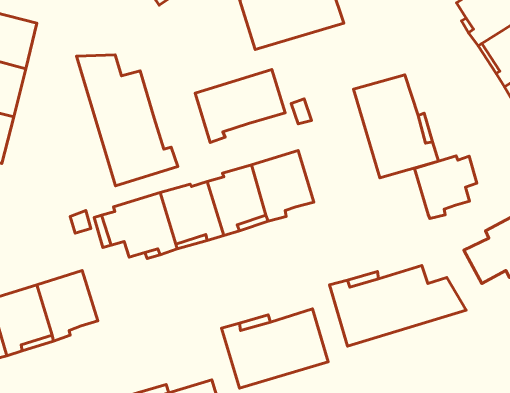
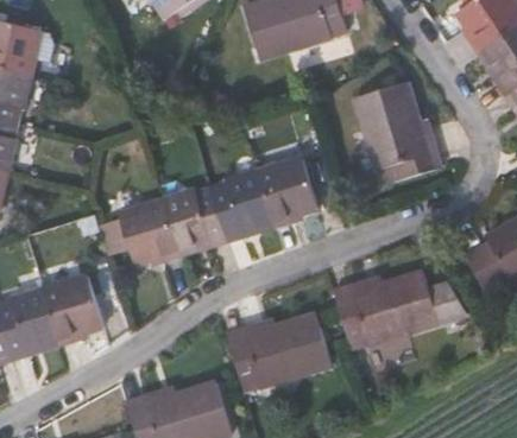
building: [77,55,178,186] -> none
building: [195,70,285,142] -> none
building: [414,156,477,219] -> none

